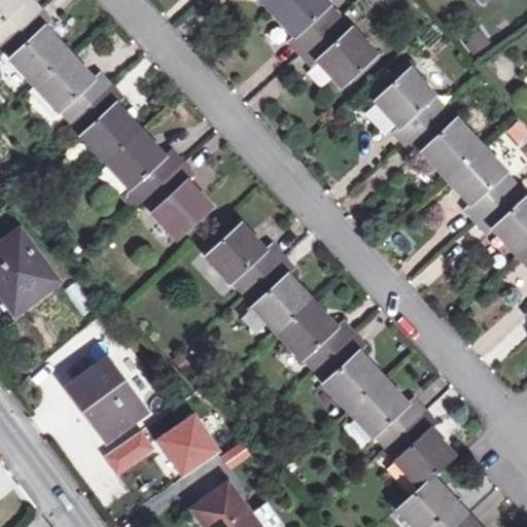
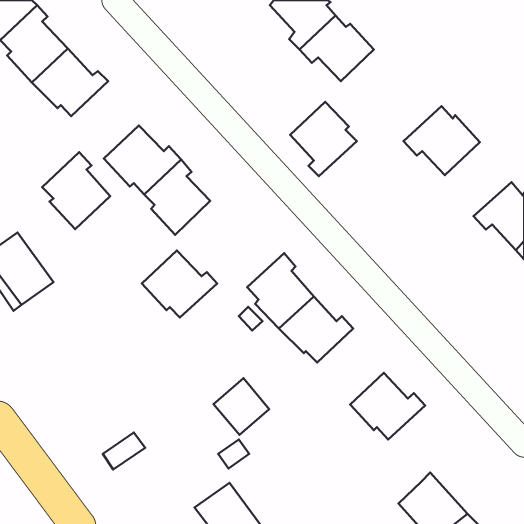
building: [375,69,442,143] -> [290,102,357,176]
building: [71,83,139,161] -> [42,152,110,229]
building: [445,144,512,218] -> none
building: [209,222,284,289] -> [142,250,217,317]
building: [317,330,384,407] -> none
building: [73,366,141,437] -> none
building: [388,408,455,484] -> none
building: [162,419,217,476] -> [214,378,269,435]

